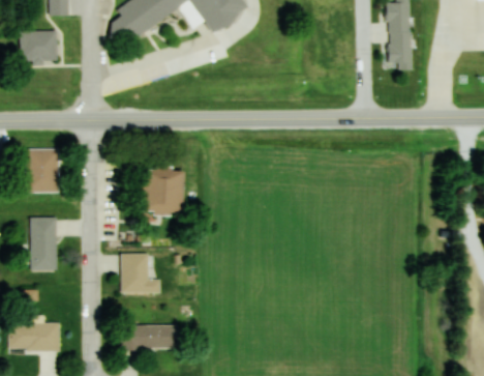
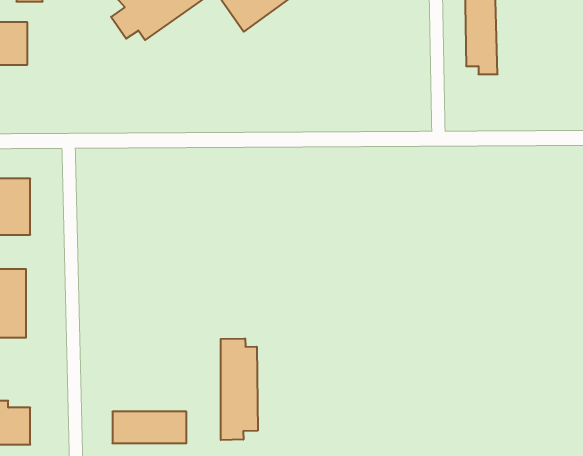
building: [143,168,184,212] -> none
building: [120,253,160,293] -> none
building: none -> [221,338,258,440]

